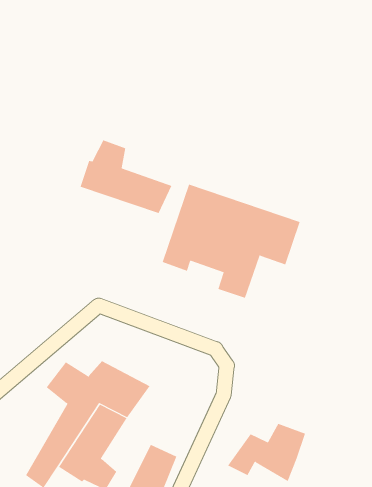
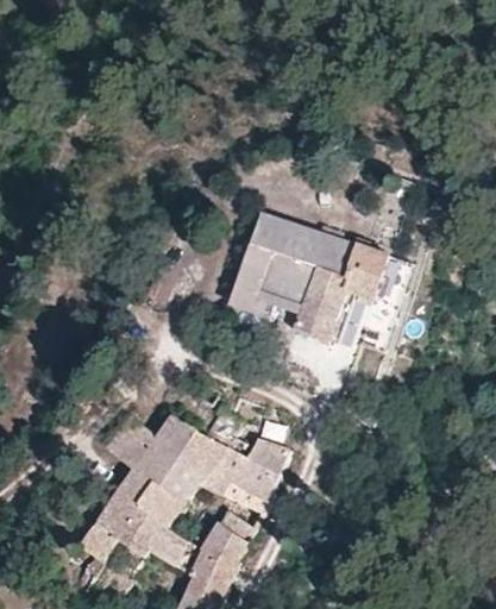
building: [80,139,172,214] -> none
building: [227,423,306,482] -> [196,434,287,502]

